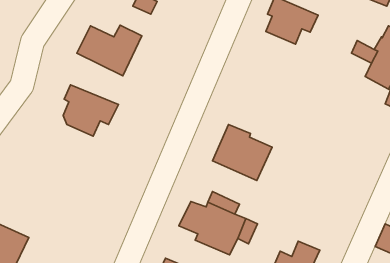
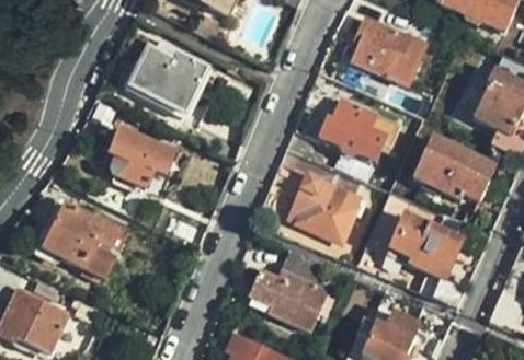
building: none -> [321,100,387,161]
building: none -> [420,138,497,199]
building: none -> [39,202,117,266]
building: none -> [388,213,465,278]

